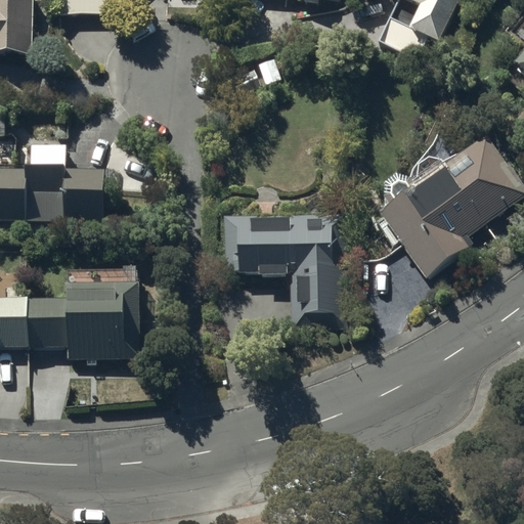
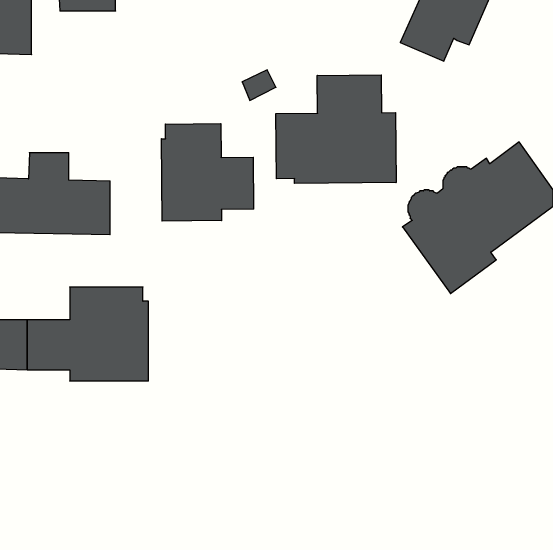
building: none -> [276,75,396,183]
building: none -> [161,124,254,221]
building: [221,214,348,322] -> none

